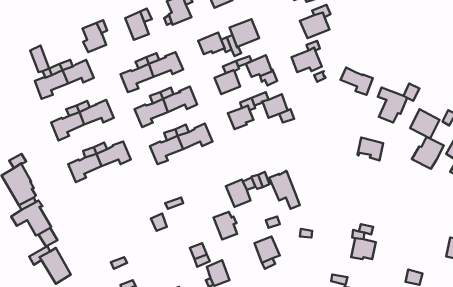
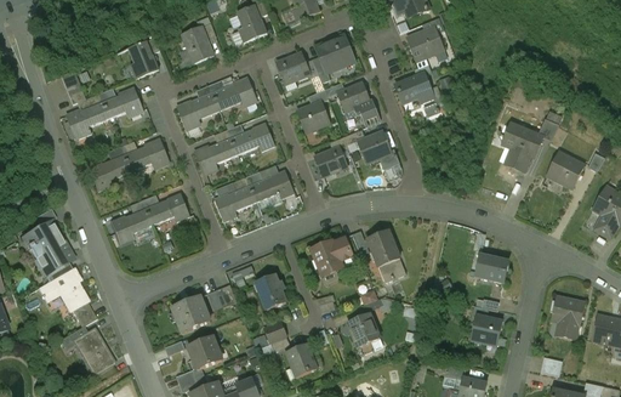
building: [341,68,373,95] -> none
building: [412,137,444,169] -> none
building: [358,138,383,160] -> [474,254,507,283]
building: [214,212,237,239] -> [255,274,285,310]
building: none -> [172,295,210,331]
building: none -> [551,296,583,339]
building: none -> [187,335,221,369]

